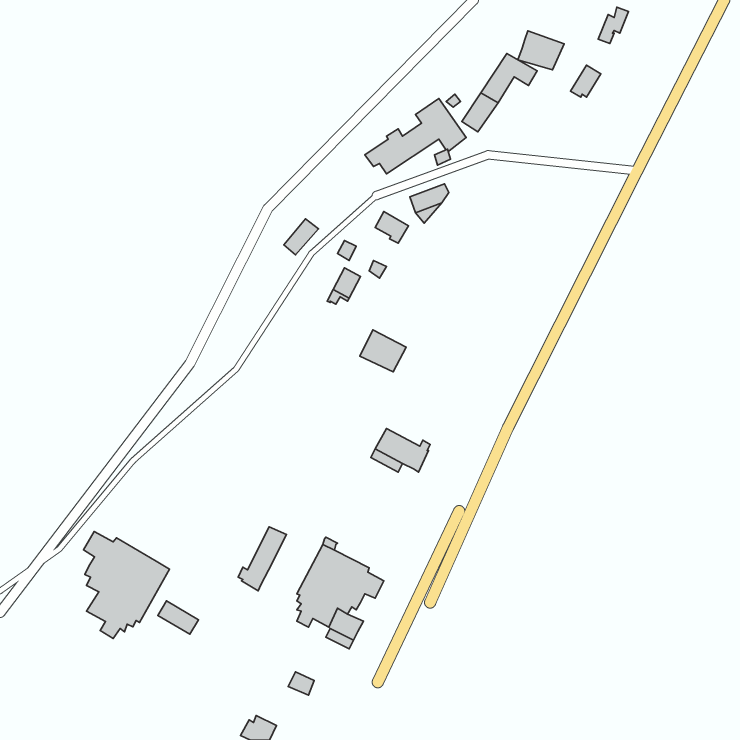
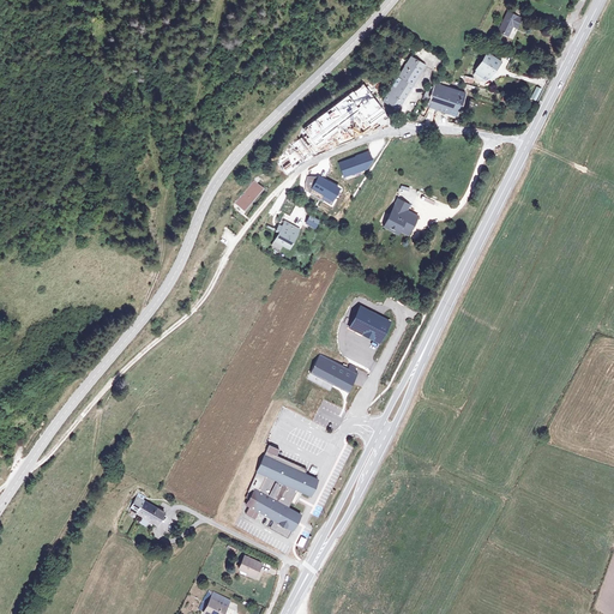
building: [518,31,564,70] -> [427,83,465,115]
building: none -> [385,200,419,236]
building: [360,330,406,372] -> [349,306,387,341]
building: [238,527,286,591] -> none
building: [83,531,169,638] -> none

